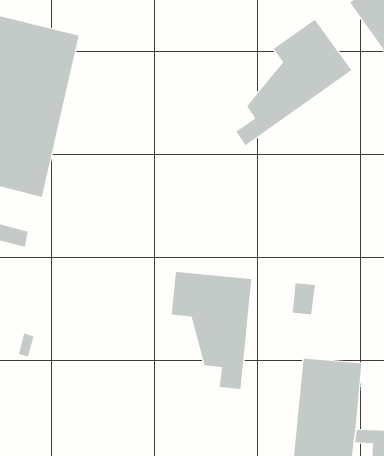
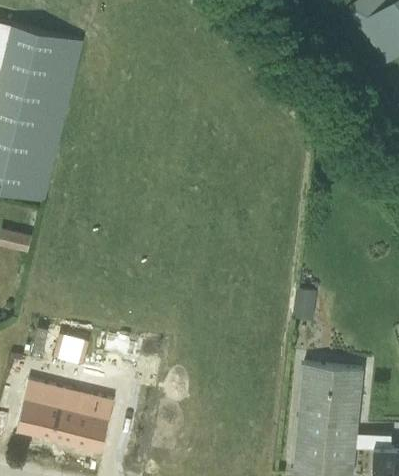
building: [235,19,352,146] -> none
building: [171,271,252,390] -> none
building: none -> [16,382,111,450]

